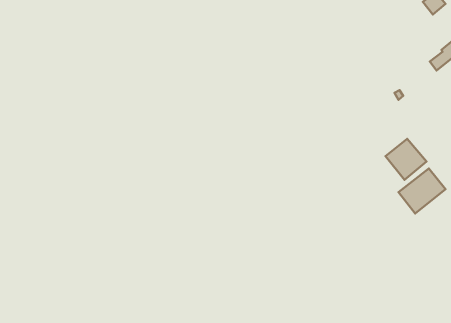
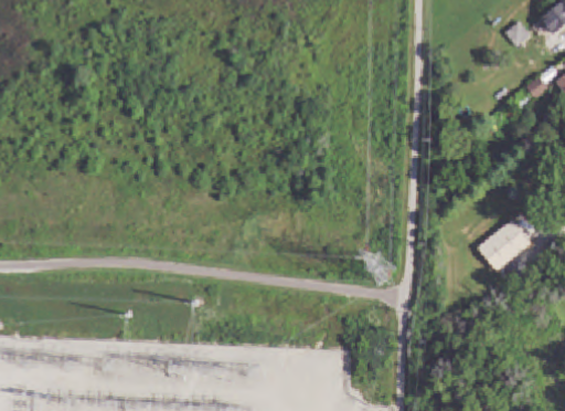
building: [386,139,426,180] -> none

